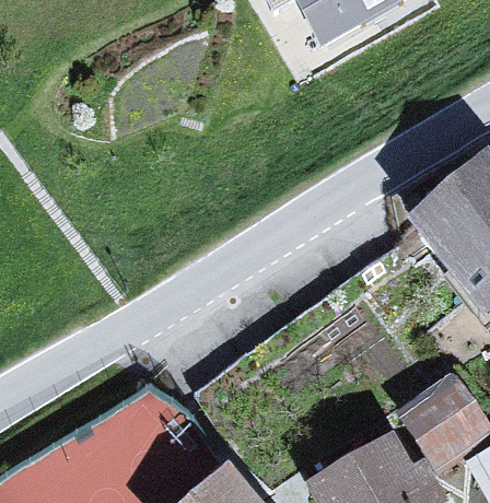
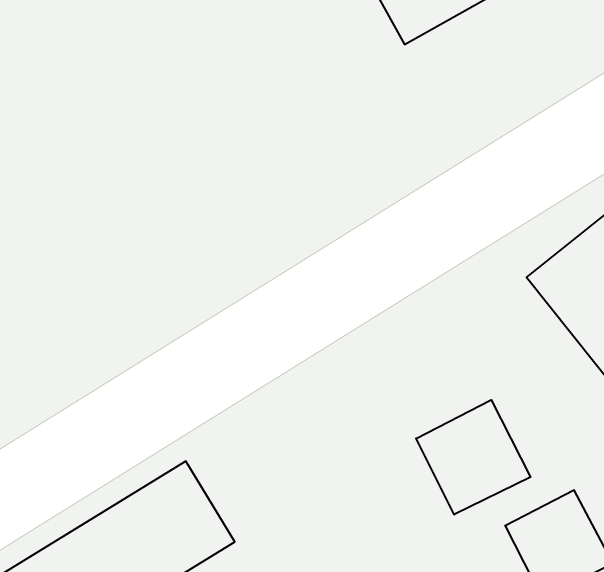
building: none -> [416,400,531,515]

